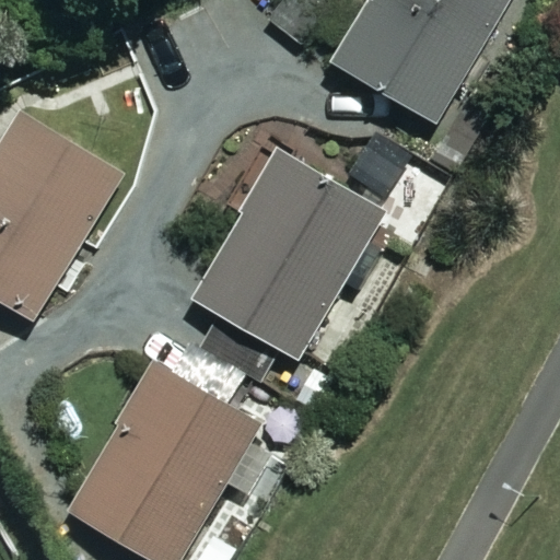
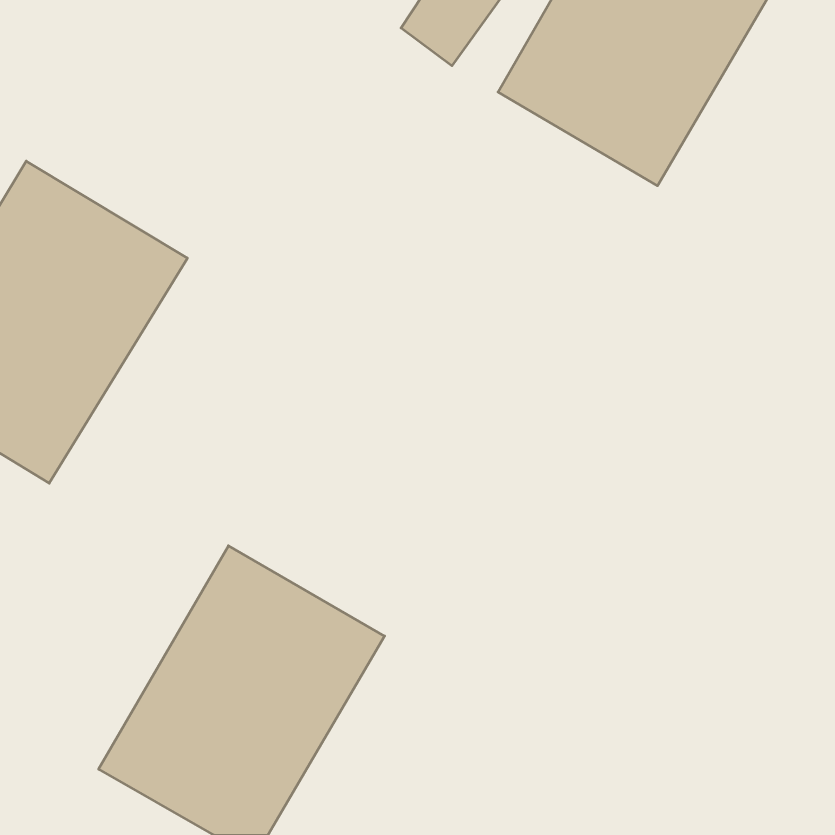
building: [191,147,387,381] -> none

